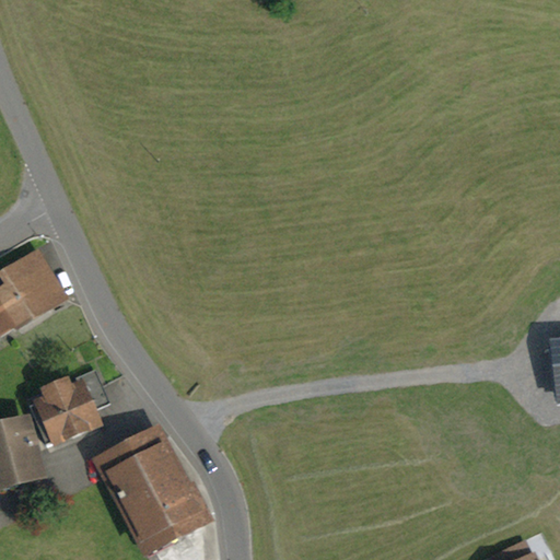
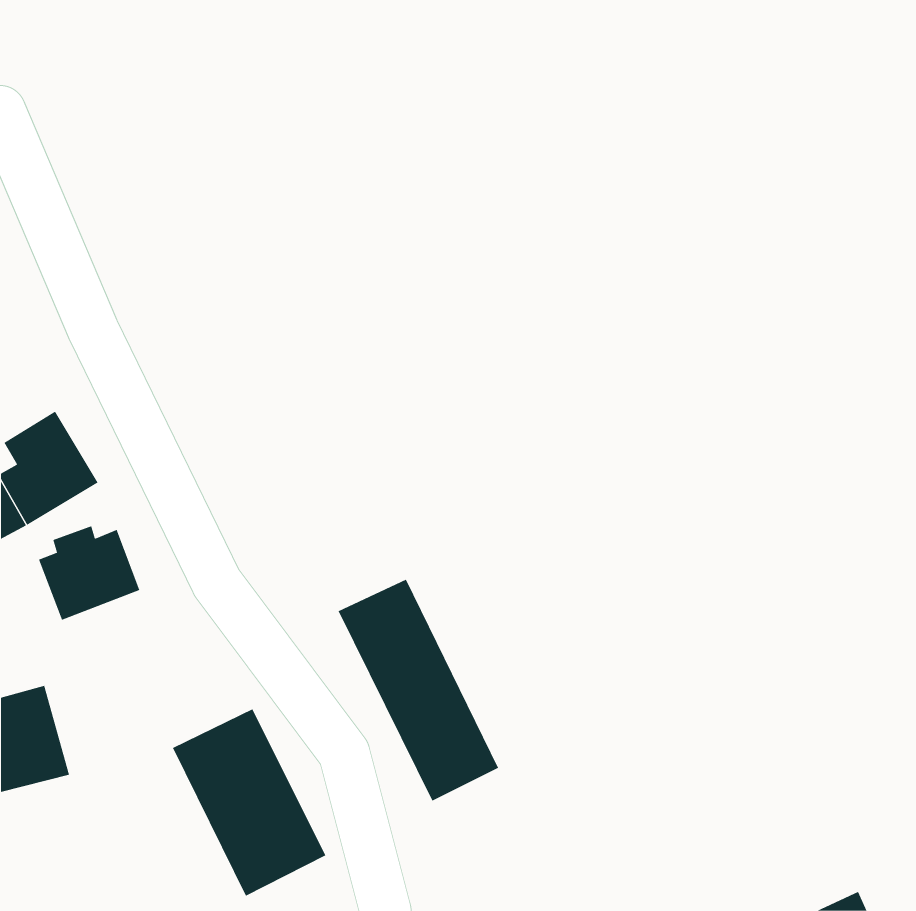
building: none -> [338,579,499,802]
building: [36,385,98,443] -> [38,525,140,620]

